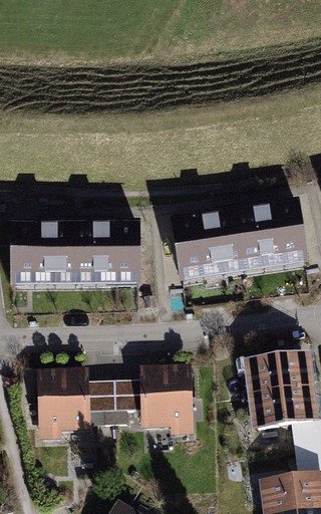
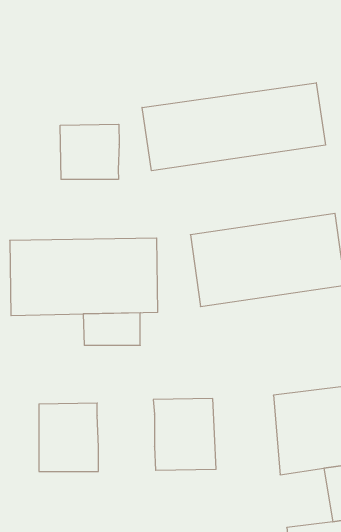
building: none -> [142,83,325,171]
building: none -> [60,124,119,179]
building: [88,381,139,411] -> [83,313,140,345]

